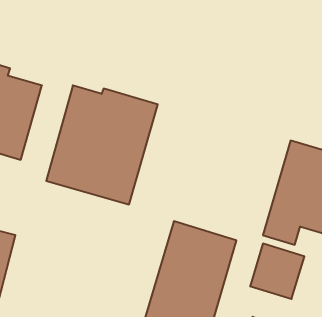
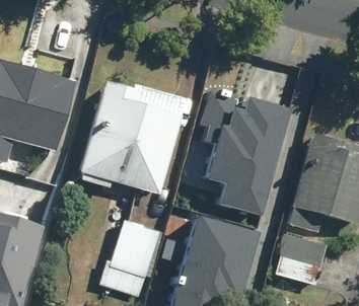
building: none -> [203,85,290,212]
building: none -> [96,222,158,298]

